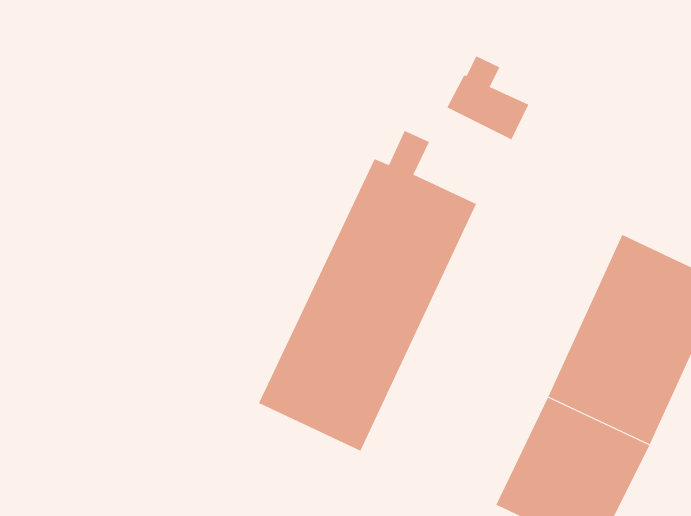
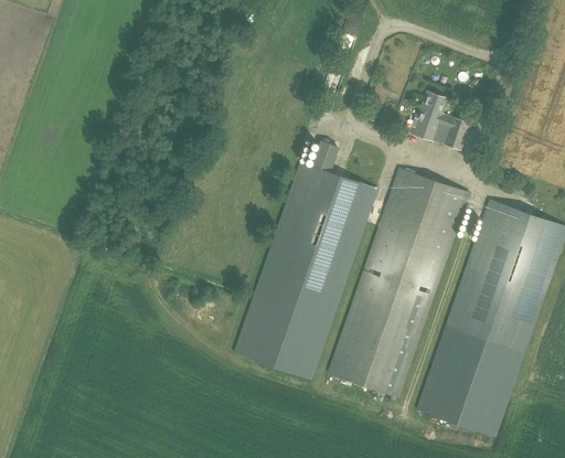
building: [446,55,529,140] -> [409,92,470,151]
building: none -> [329,170,468,396]

